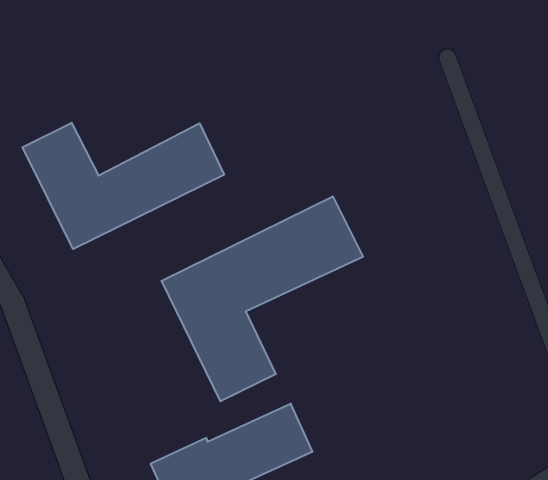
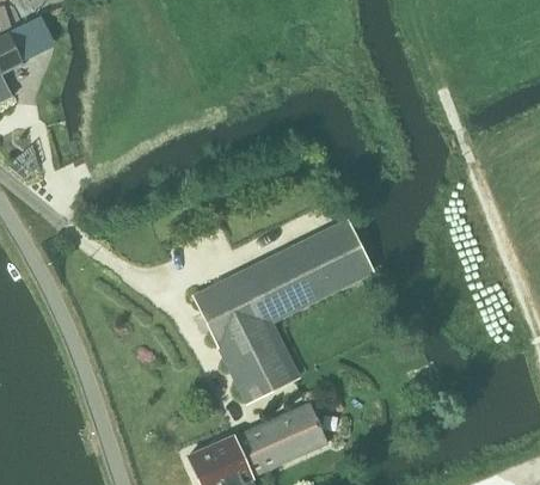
building: [23,123,224,249] -> none

